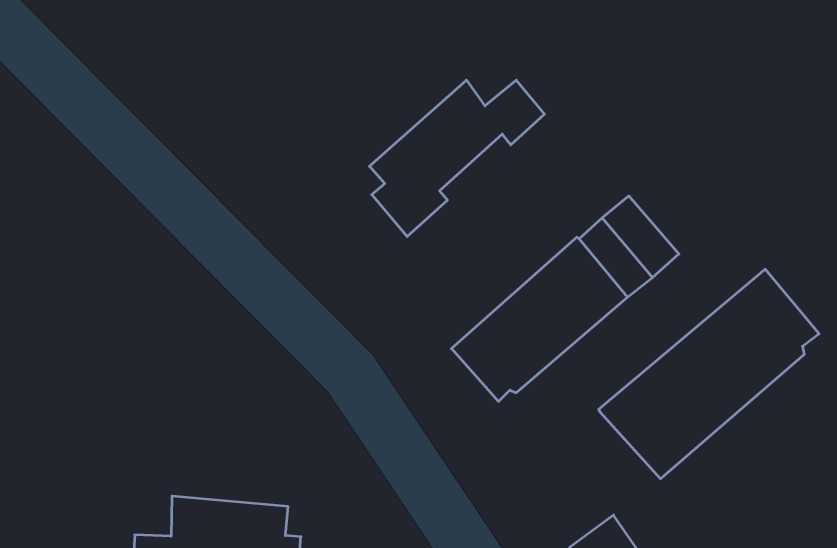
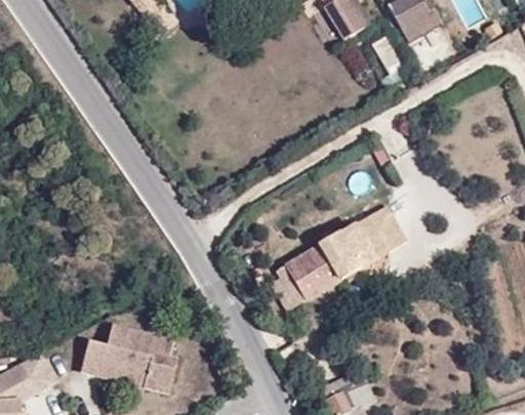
building: [369,80,544,237] -> none
building: [599,269,819,479] -> none

